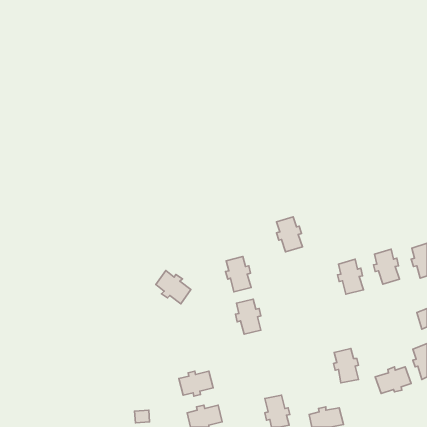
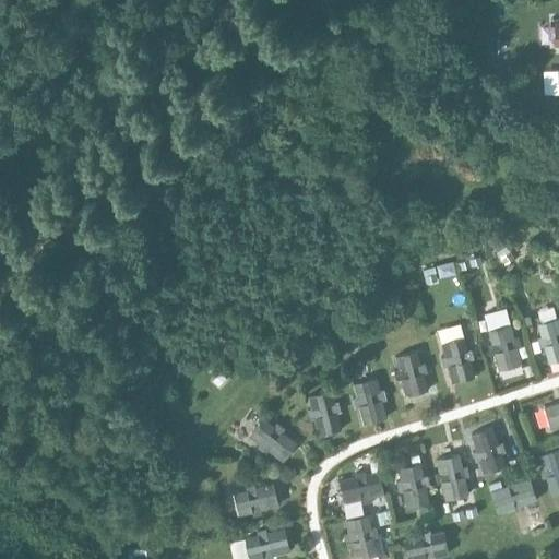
building: [276,217,302,252] -> [394,352,428,397]
building: [225,257,251,292] -> [353,379,386,425]
building: [156,270,191,304] -> [250,418,296,462]
building: none -> [472,428,506,474]
building: none -> [397,464,429,509]
building: none -> [338,472,383,504]

